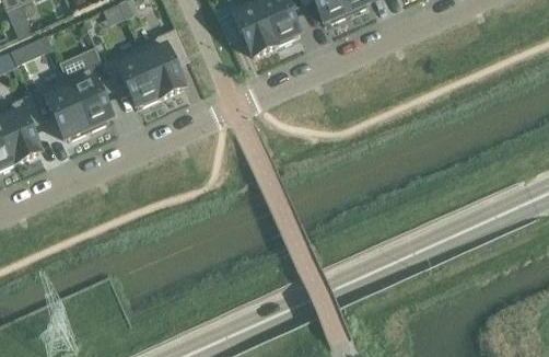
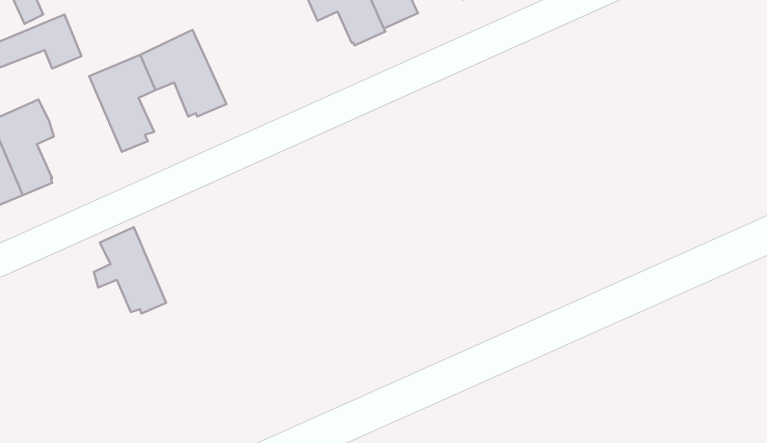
building: [140,28,188,96] -> none
building: [38,77,90,138] -> [94,227,166,314]

